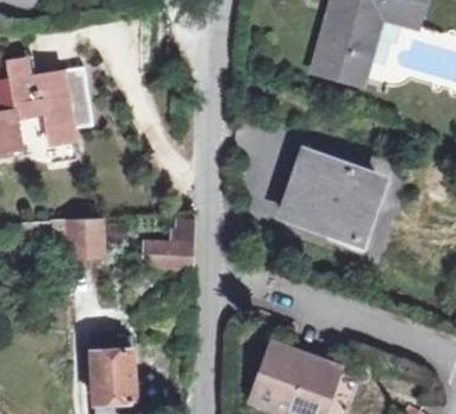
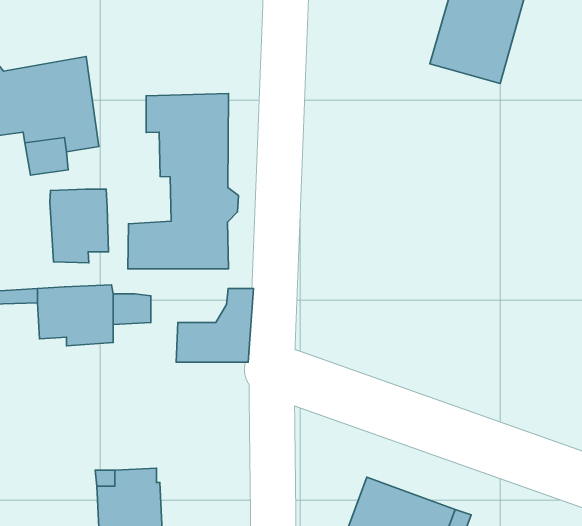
building: none -> [128,94,239,269]
building: [282,151,379,239] -> none
building: none -> [50,189,109,263]

